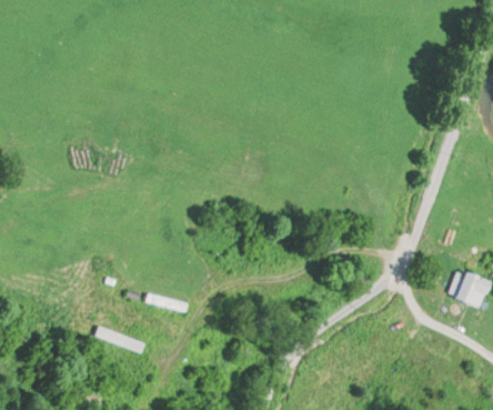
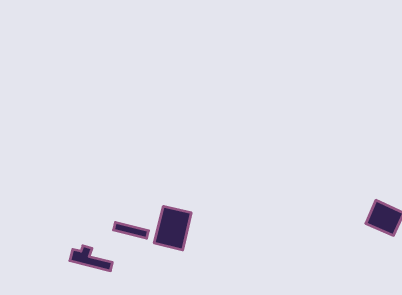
building: none -> [154,206,191,250]

